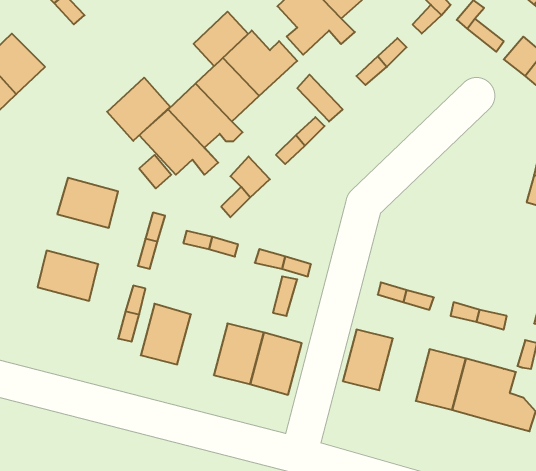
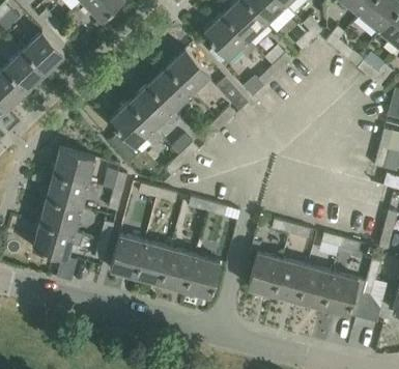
building: none -> [22,33,63,75]
building: [194,12,248,66] -> none
building: [107,78,170,141] -> none
building: none -> [46,175,88,209]
building: none -> [32,225,75,259]
building: none -> [135,244,169,285]
building: none -> [273,260,307,303]

